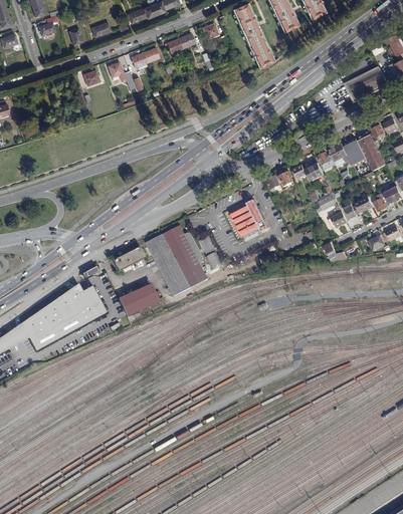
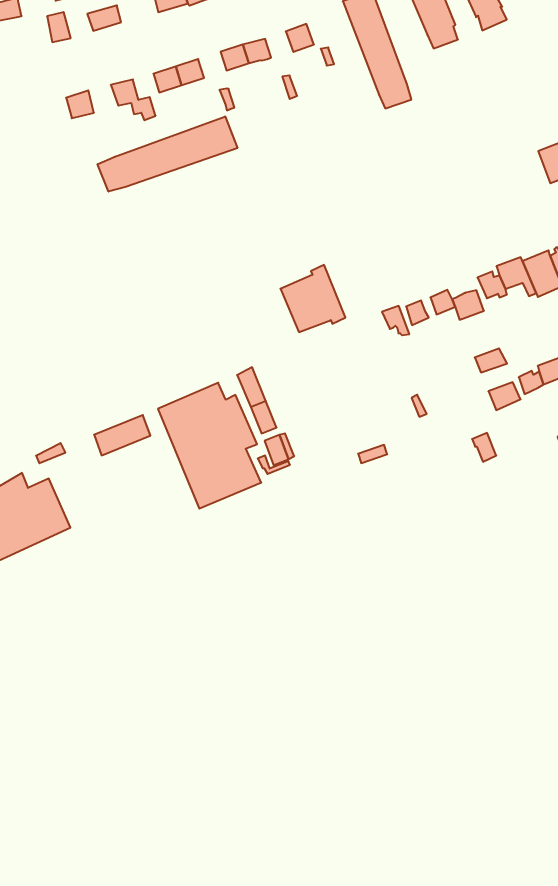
building: none -> [98,116,237,192]
building: [230,199,267,237] -> [280,265,345,332]
building: [115,284,157,317] -> none

